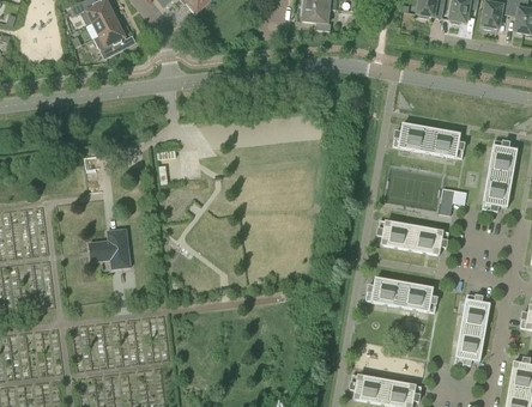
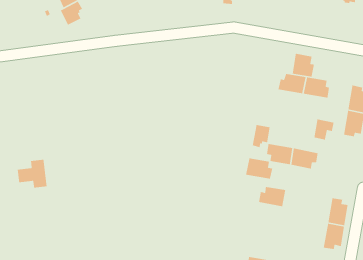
building: none -> [292,53,315,78]
building: none -> [252,124,271,148]
building: [90,226,132,267] -> [17,159,48,189]
building: [400,281,439,311] -> [245,158,273,179]

